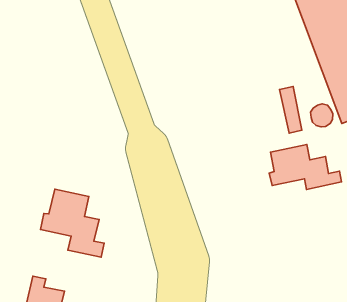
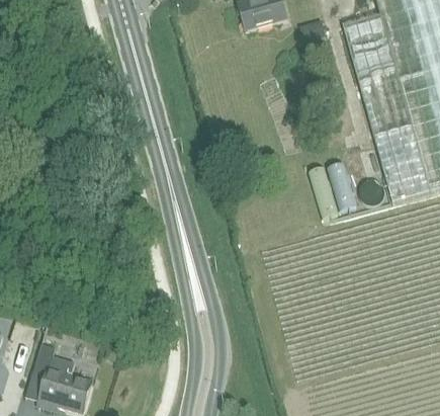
building: [269,144,342,190] -> none
building: [41,189,104,257] -> none

